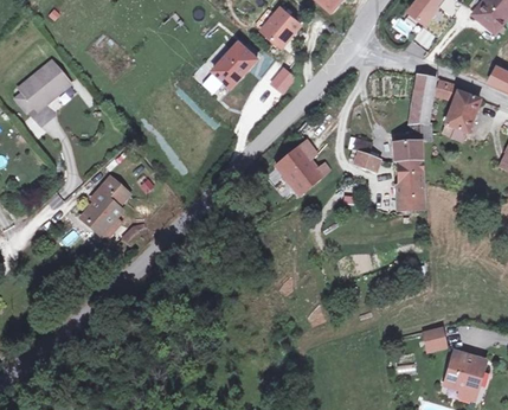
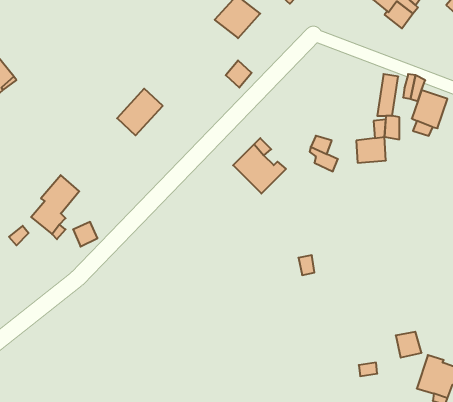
building: [210,43,253,88] -> [117,89,163,135]
building: [394,162,424,210] -> none

